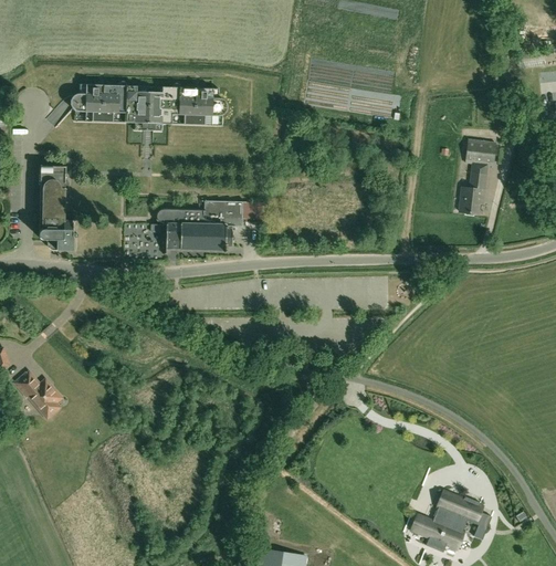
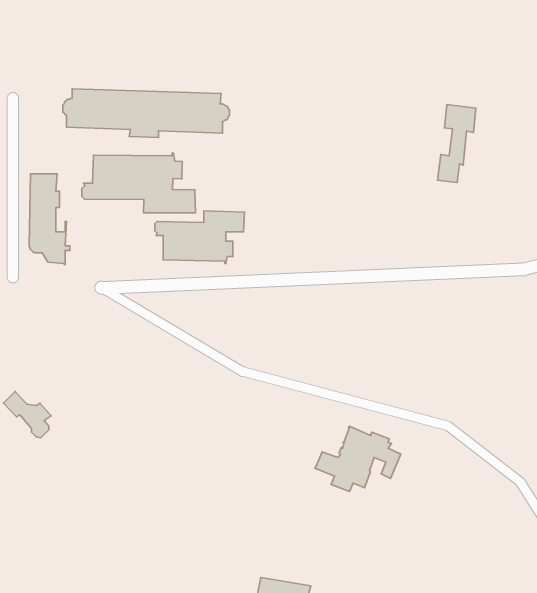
building: [459,140,495,214] -> [437,105,476,182]
building: none -> [82,153,195,213]
building: [410,491,492,553] -> [315,426,401,491]

